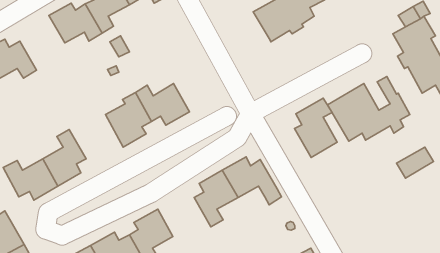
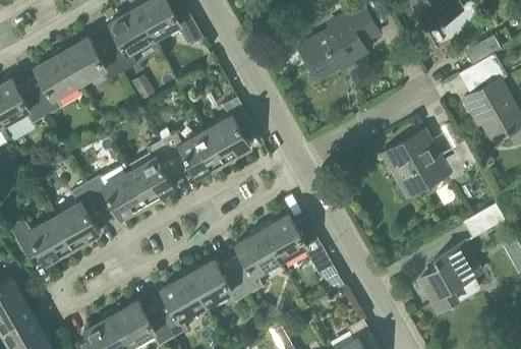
building: none -> [28,52,80,115]
building: none -> [206,97,256,163]
building: [294,98,337,157] -> none
building: none -> [85,163,148,220]
building: none -> [420,243,480,310]
building: none -> [187,259,248,306]

